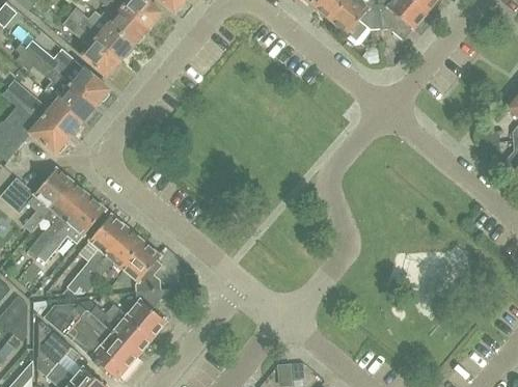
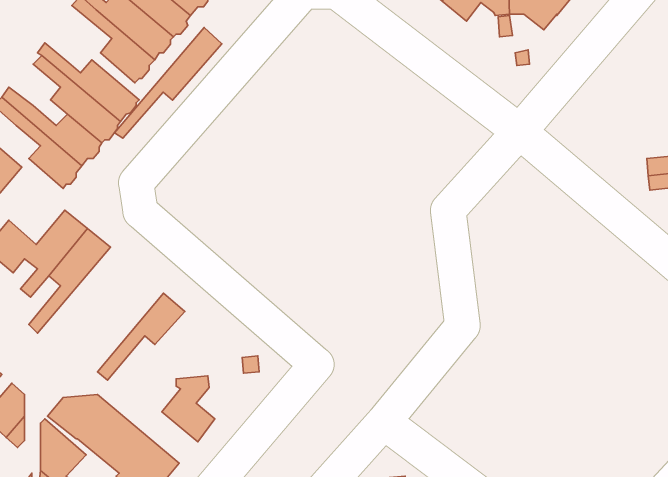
building: none -> [114,28,222,138]
building: [36,195,105,262] -> none
building: [66,215,128,294] -> none
building: [121,242,160,291] -> none
building: [79,300,153,352] -> none

